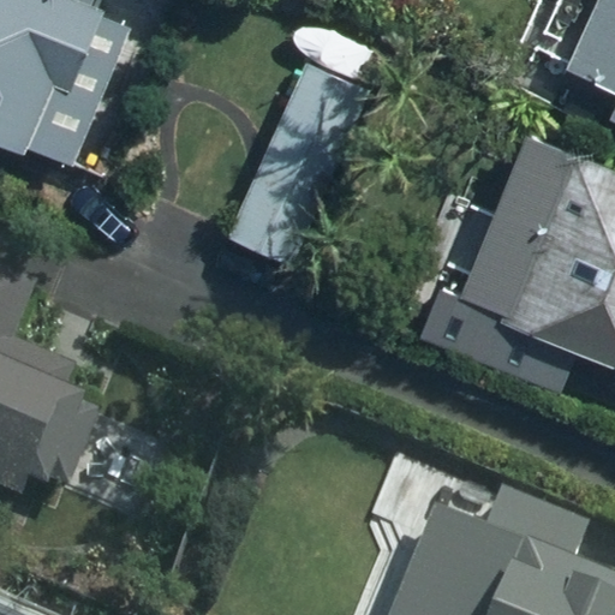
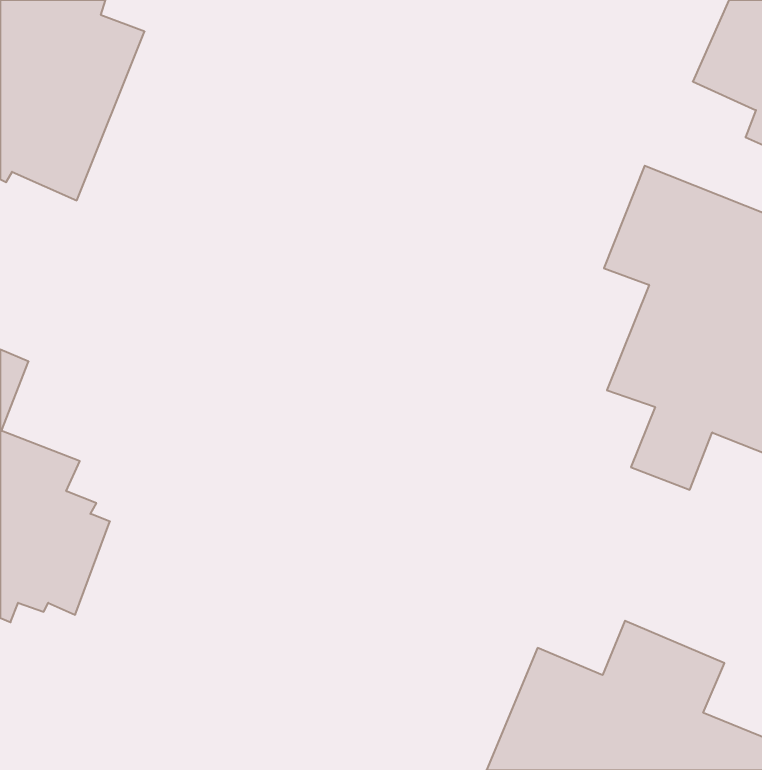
building: [228,60,363,257] -> none

